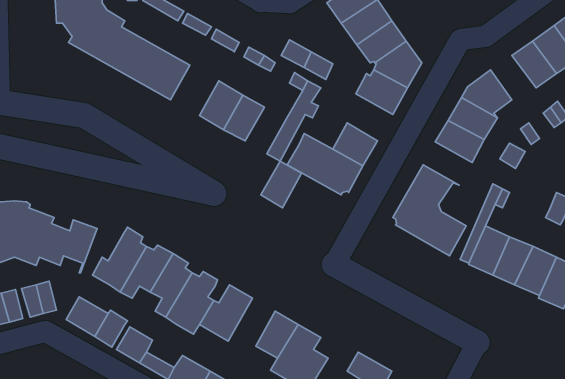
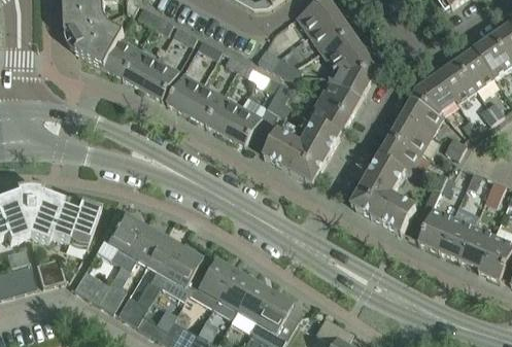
building: none -> [436,62,475,103]
building: none -> [166,72,203,113]
building: none -> [308,95,352,135]
building: none -> [378,136,420,173]
building: [261,161,302,208] -> [226,106,261,146]
building: none -> [211,270,251,318]

